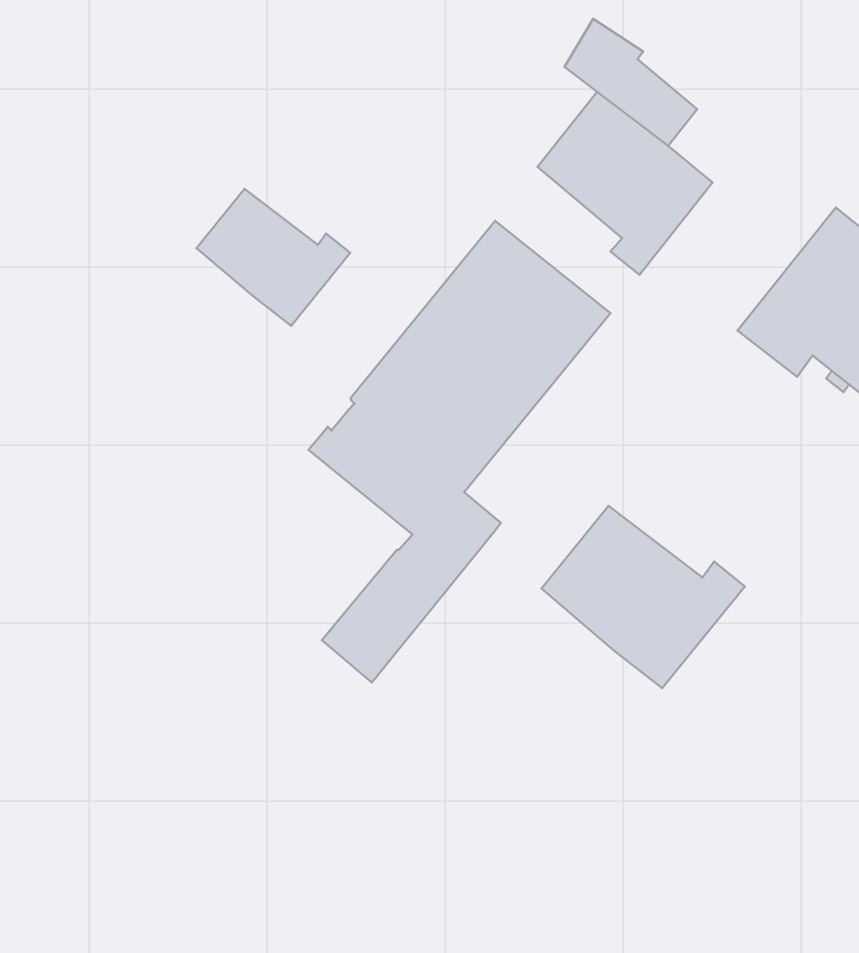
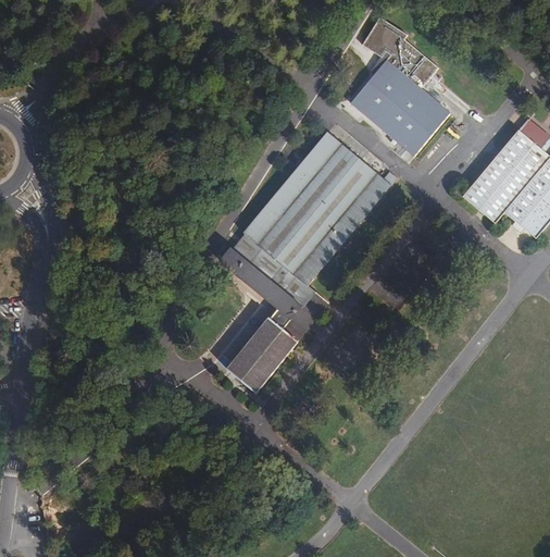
building: [197,189,350,326] -> none
building: [541,506,745,688] -> none

